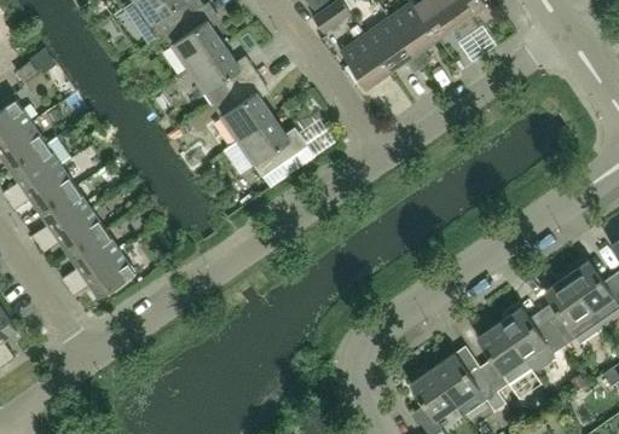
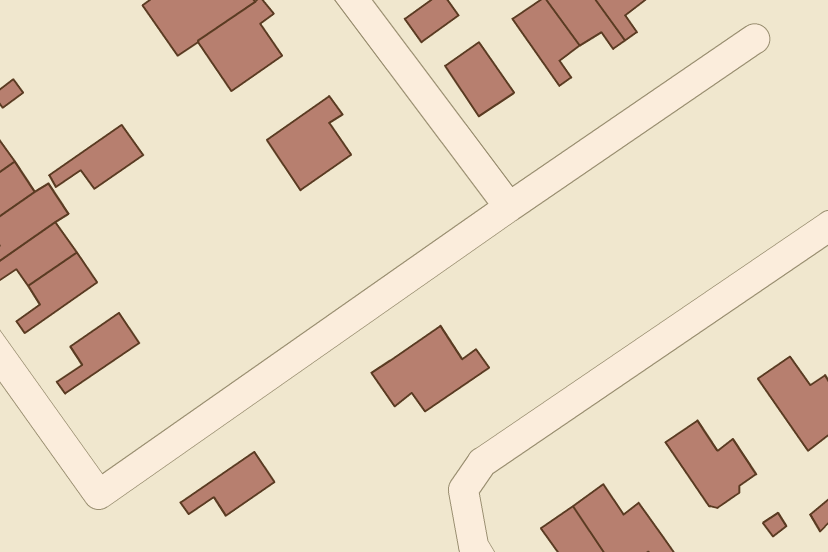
building: [364,17,422,71] -> none
building: [186,44,256,104] -> none
building: [222,115,307,177] -> [371,326,489,411]
building: [37,207,105,253] -> [49,125,143,189]
building: [66,250,134,296] -> [180,452,274,516]
building: [543,276,601,345] -> none
building: [476,322,530,390] -> none

